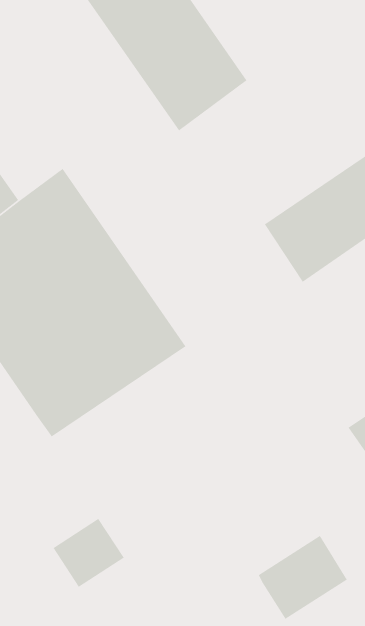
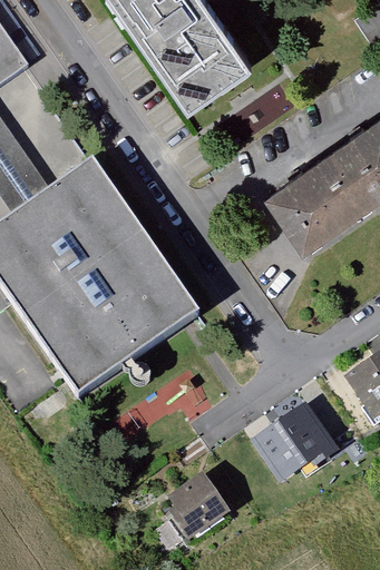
building: [52,518,125,588] -> [163,478,227,540]
building: [258,535,348,620] -> [250,409,330,484]

